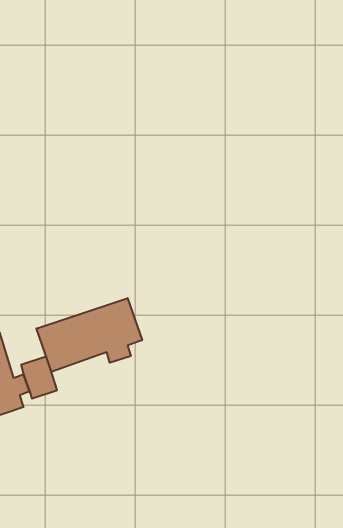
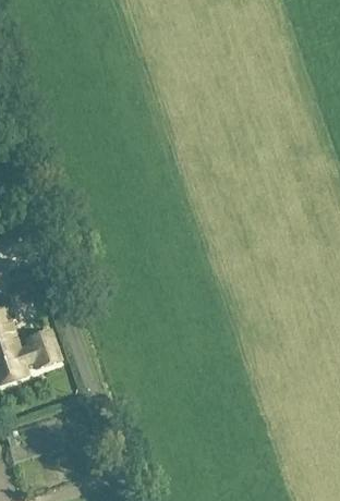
building: [36,298,142,372] -> none

